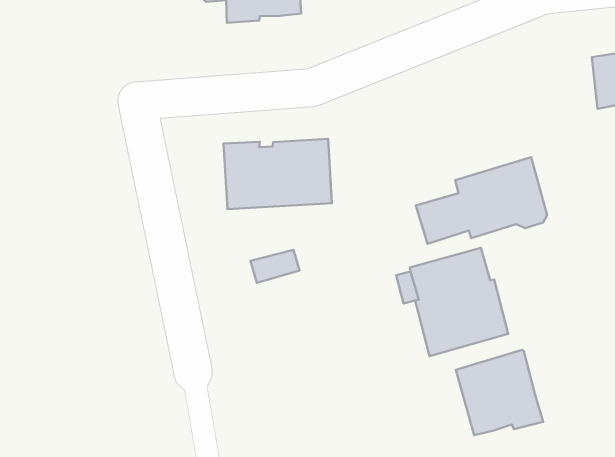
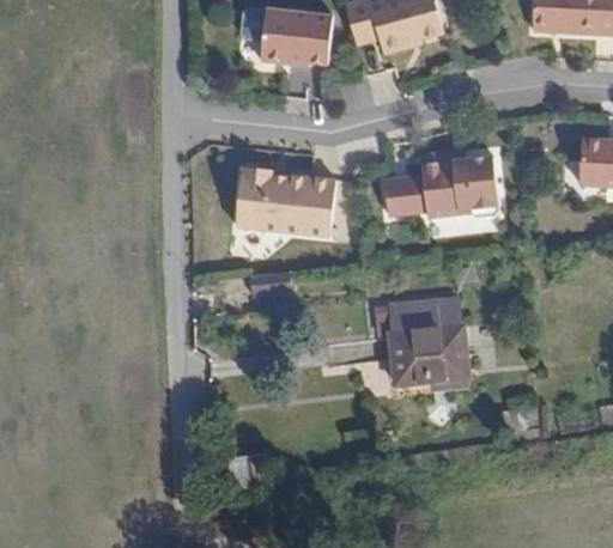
building: [416,157,547,244] -> [384,154,499,218]
building: [456,350,543,435] -> none

